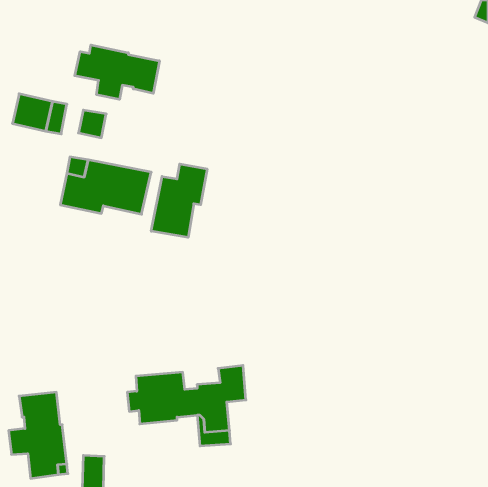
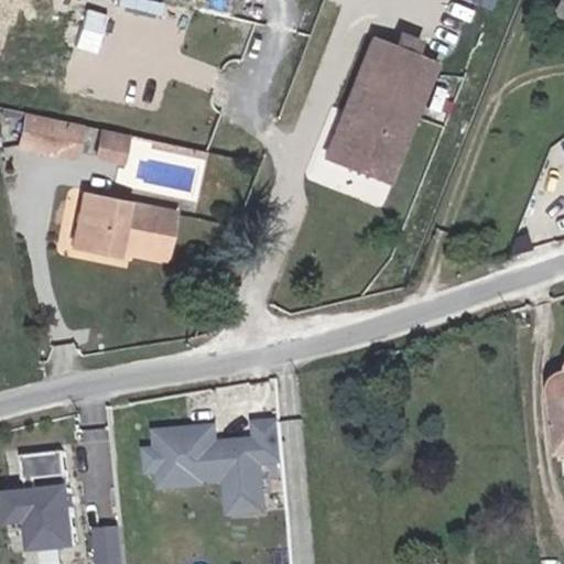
building: none -> [324,42,432,182]
building: [75,45,159,99] -> none
building: [151,164,207,237] -> none

